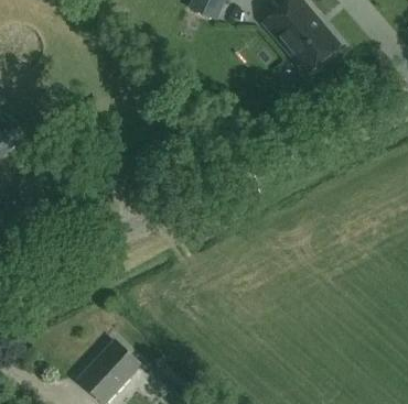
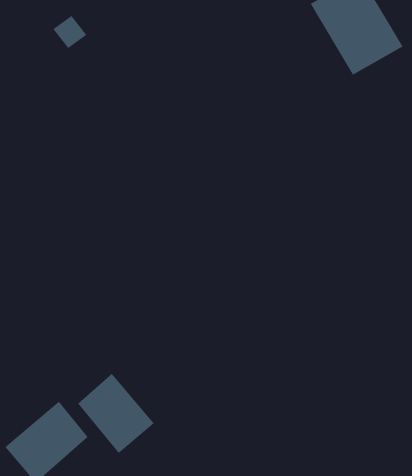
building: none -> [78,373,154,454]

